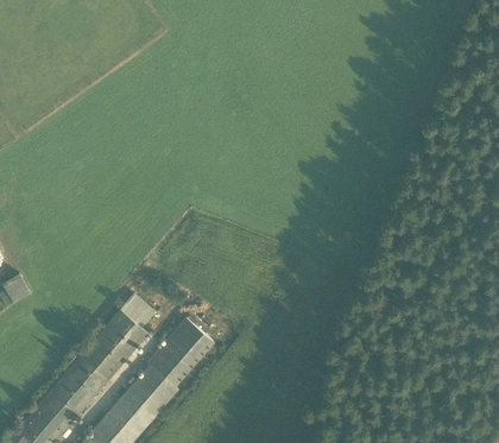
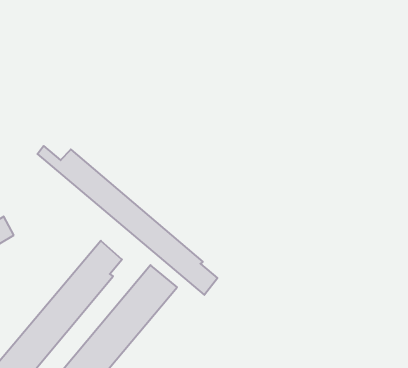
building: none -> [37,146,217,295]

